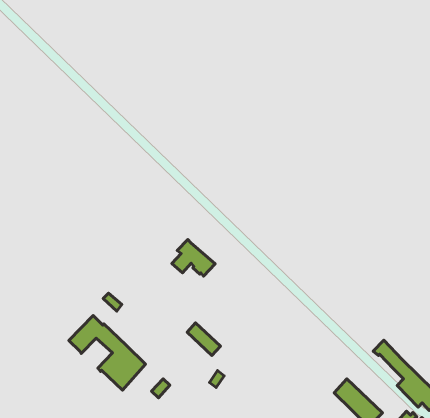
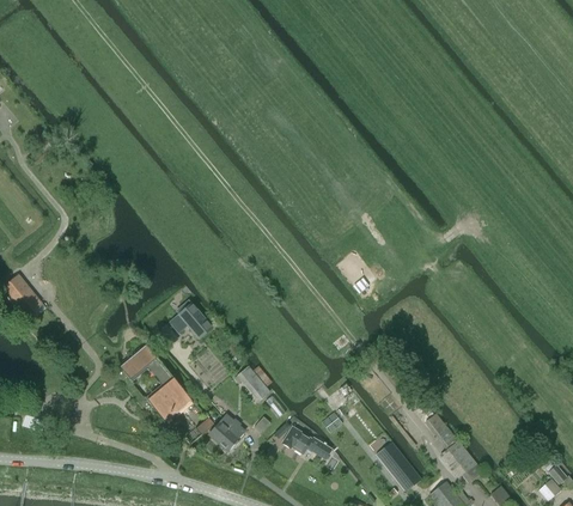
building: [172,239,215,276] -> [169,300,212,339]
building: none -> [208,415,244,450]
building: none -> [281,427,329,459]

